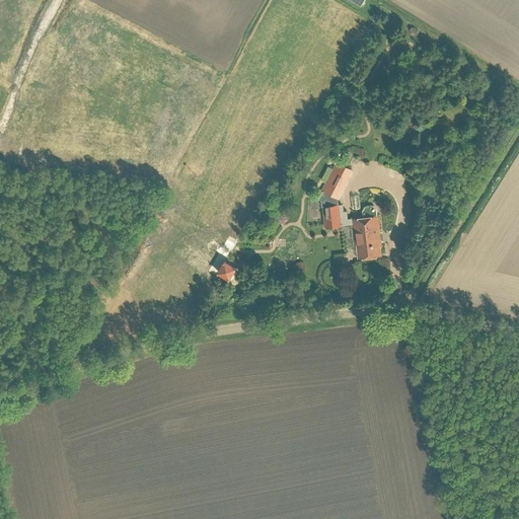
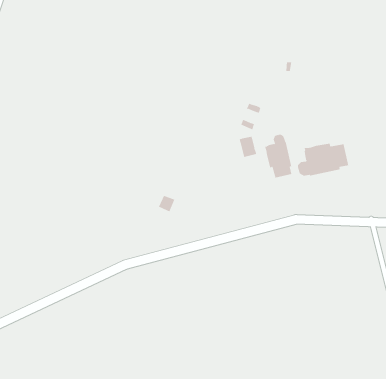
building: none -> [298,143,349,177]

